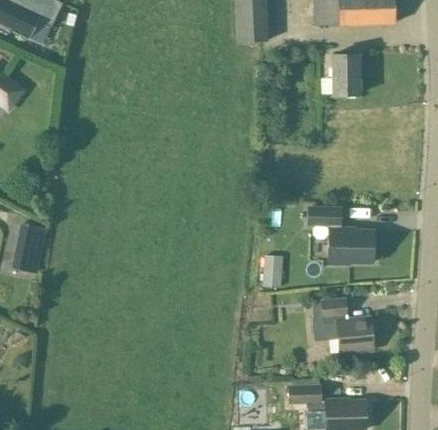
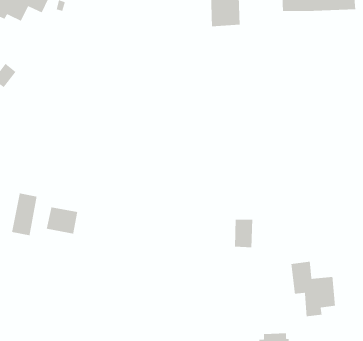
building: [332,54,360,94] -> none
building: [309,207,374,263] -> none
building: none -> [46,206,78,235]

